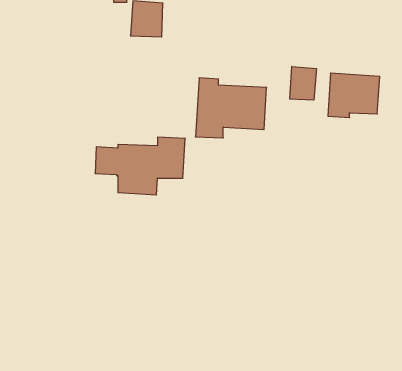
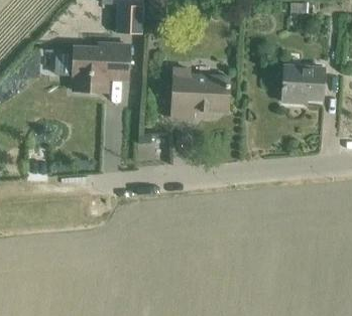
building: [290,66,316,100] -> none
building: [95,137,185,195] -> [54,43,130,92]

